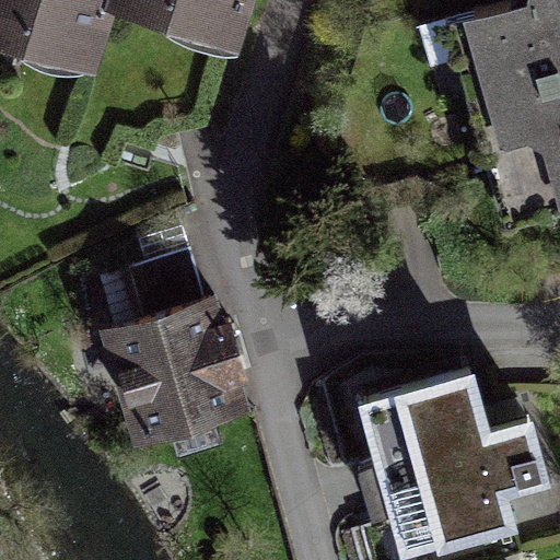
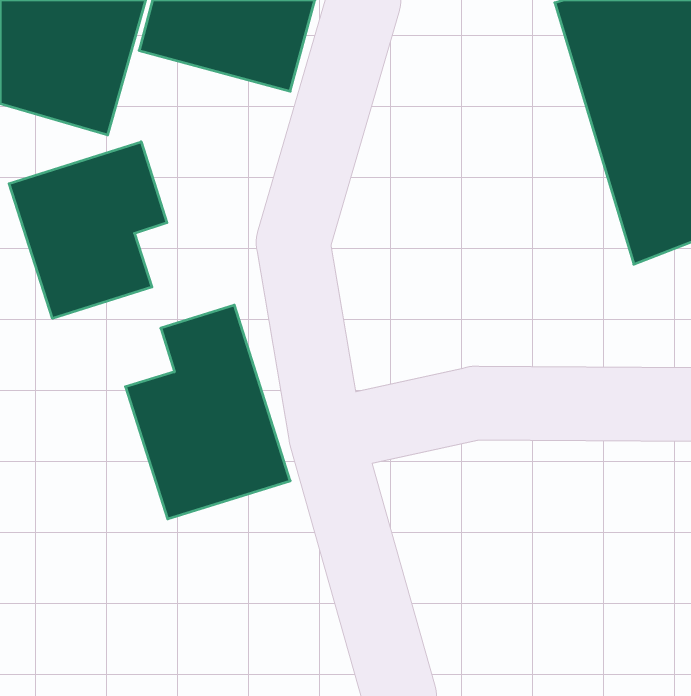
building: none -> [9,142,167,318]
building: [364,359,545,539] -> none

